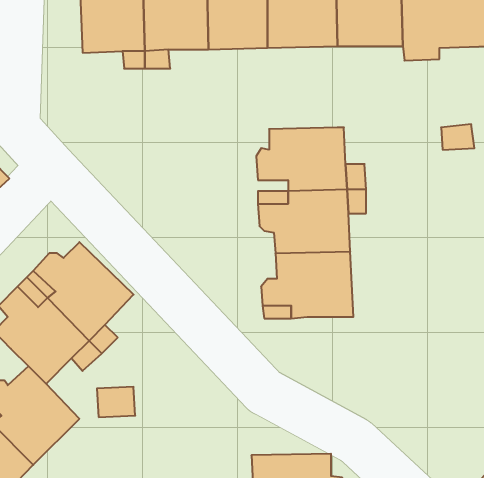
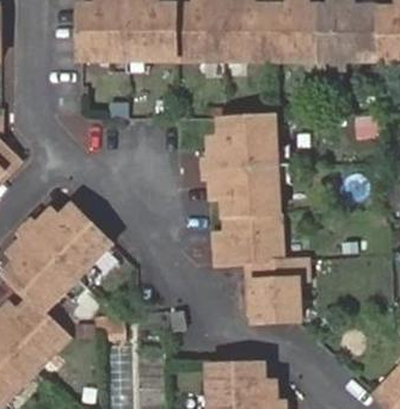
building: none -> [247,260,297,321]

